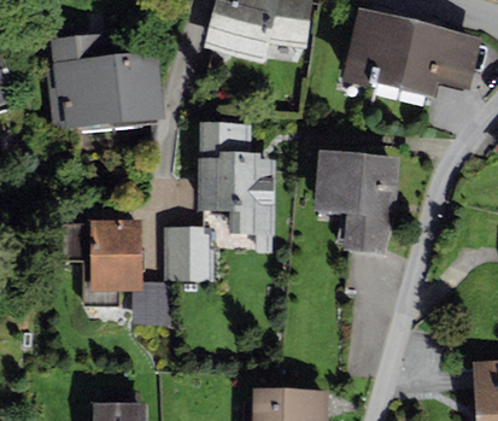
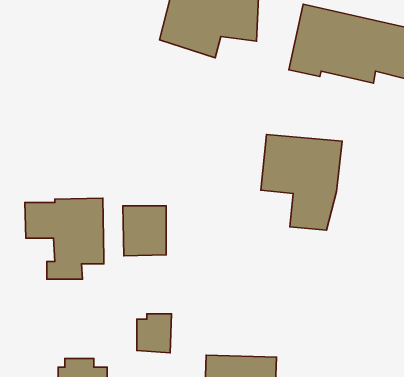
building: [51,34,164,129] -> none
building: [199,122,275,234] -> none
building: [131,283,169,326] -> [137,314,171,353]

